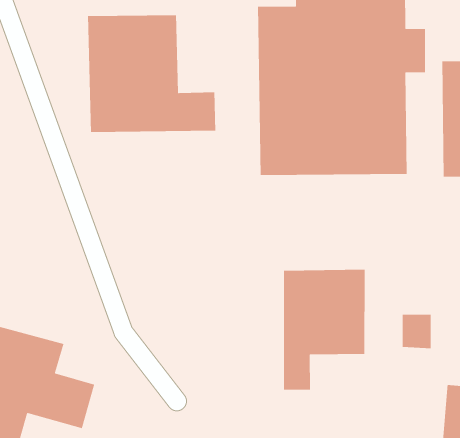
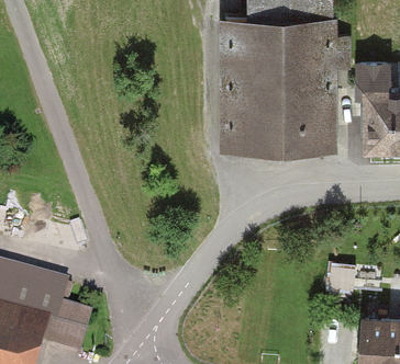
building: [87,15,216,133] -> none
building: [283,269,366,391] -> none

